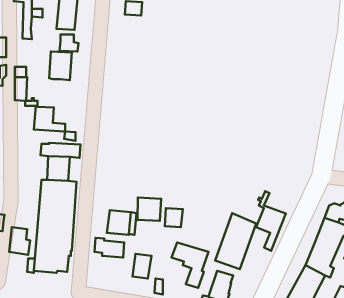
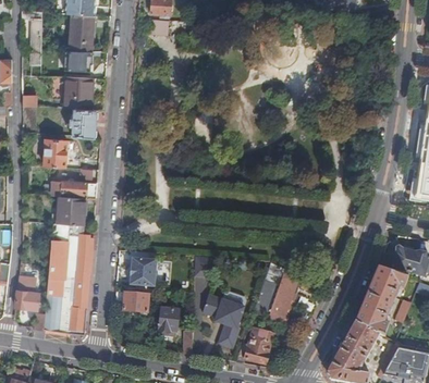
building: none -> [70,108,97,137]
building: [256,191,286,251] -> none
building: [138,198,161,221] -> none

